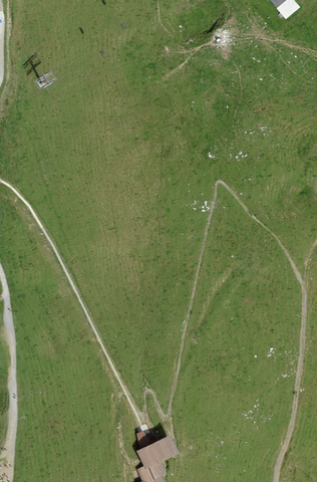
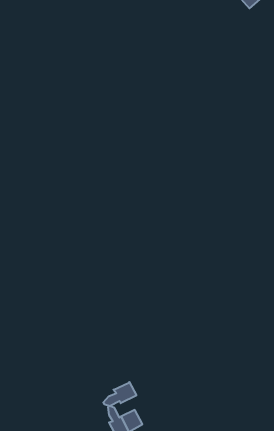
building: none -> [103,382,136,406]

